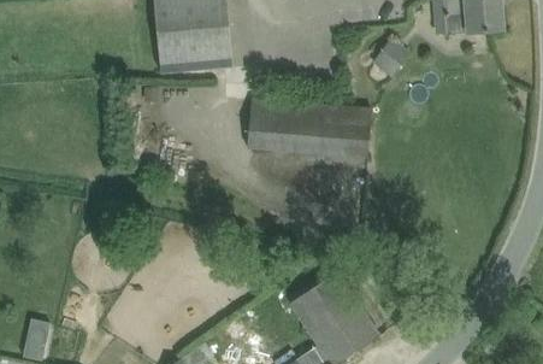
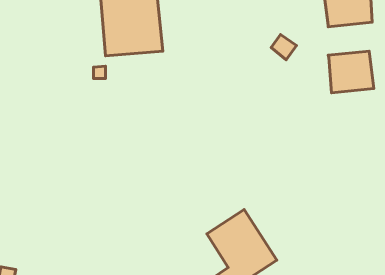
building: none -> [328,51,374,93]
building: [250,99,373,157] -> none

